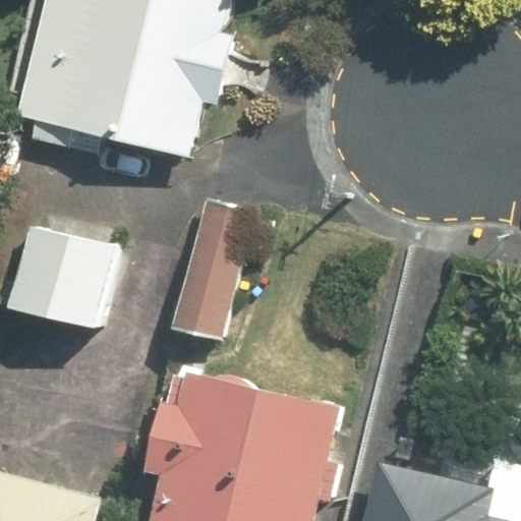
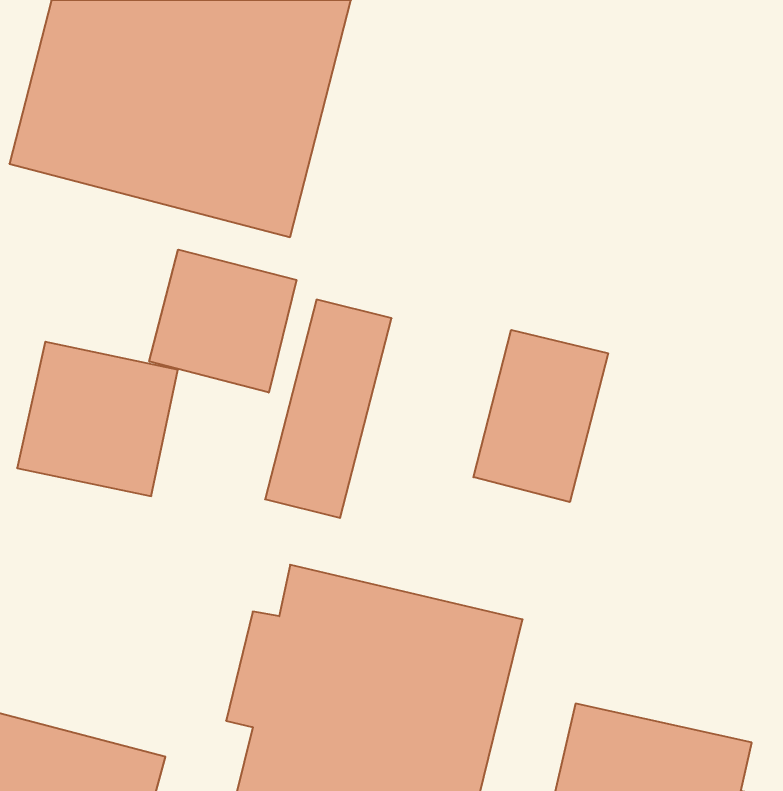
building: none -> [149,250,296,393]
building: none -> [473,330,608,502]

